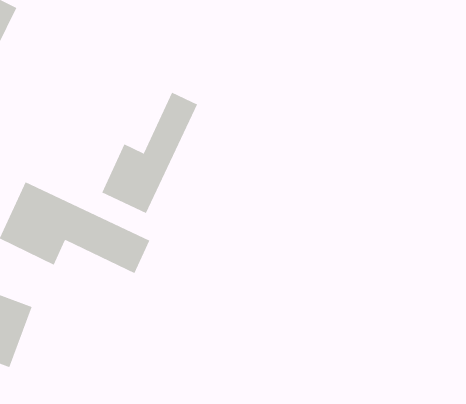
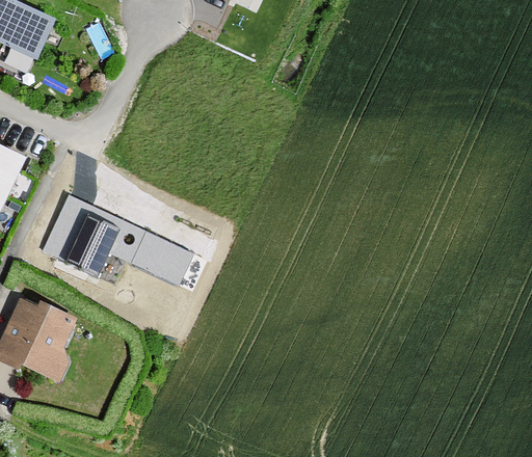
building: [101,92,198,214] -> none

